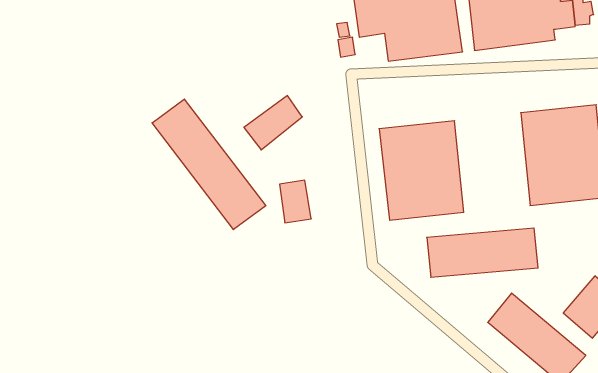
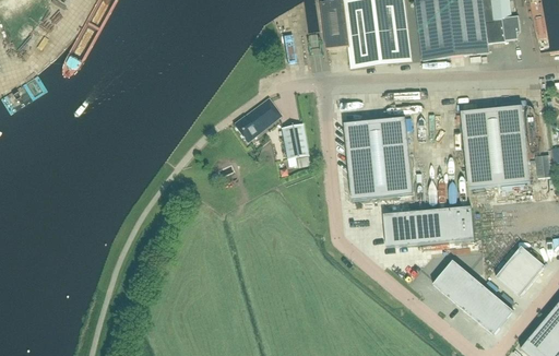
building: [152,99,266,230] -> none
building: [280,180,311,223] -> [281,122,307,157]

